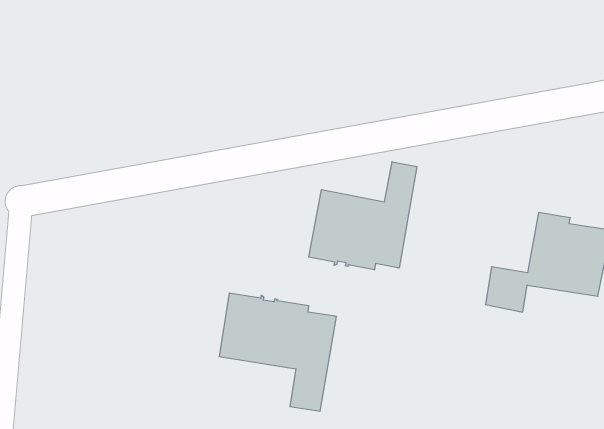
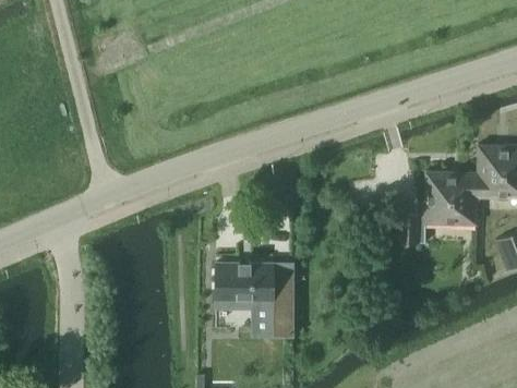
building: [309,162,417,270] -> none

